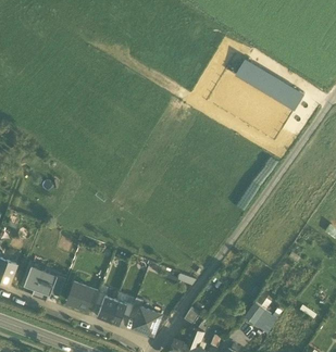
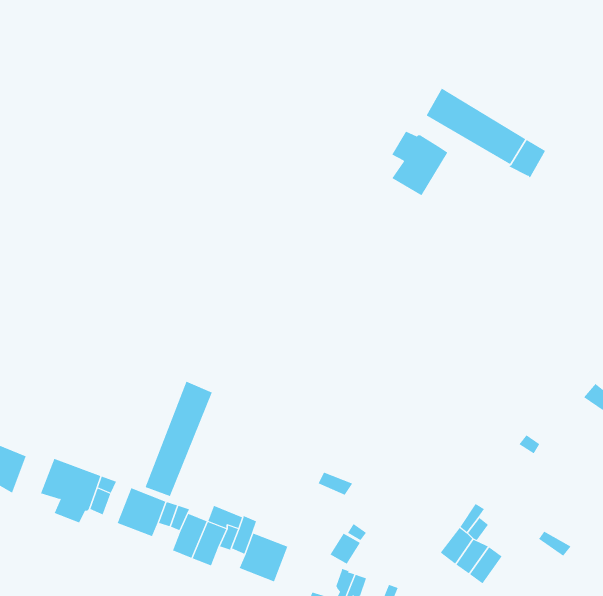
building: none -> [391,131,448,196]
building: none -> [145,381,212,497]

